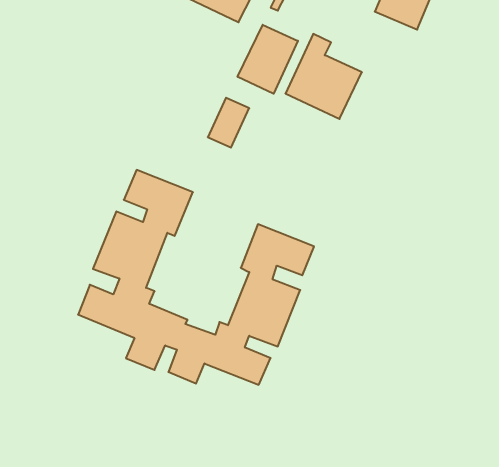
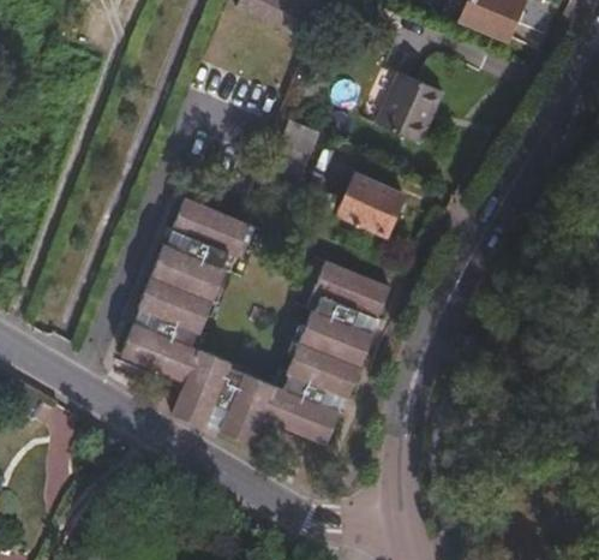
building: [238,25,298,94] -> none
building: none -> [331,172,402,236]

